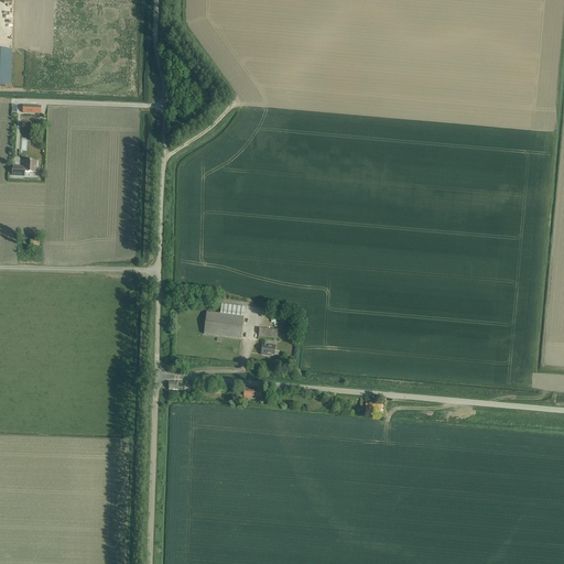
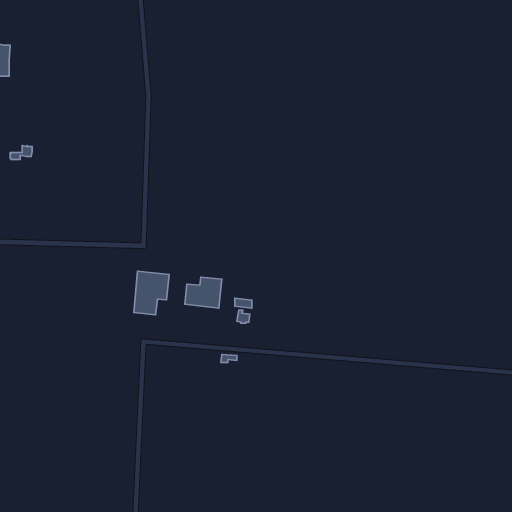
building: none -> [134,271,169,315]

